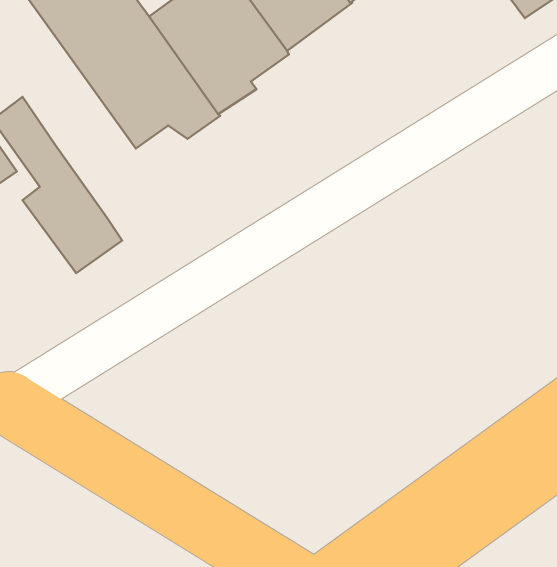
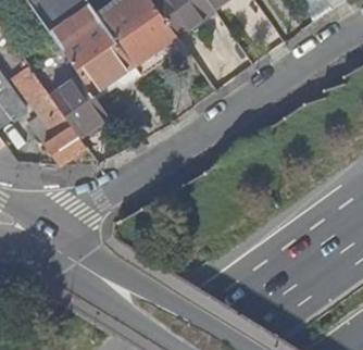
building: none -> [46,68,104,130]

